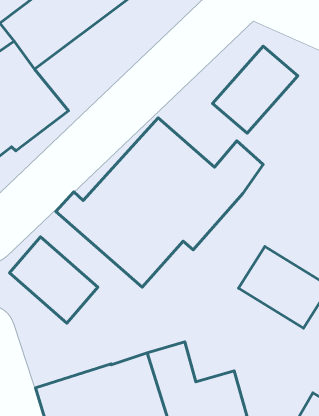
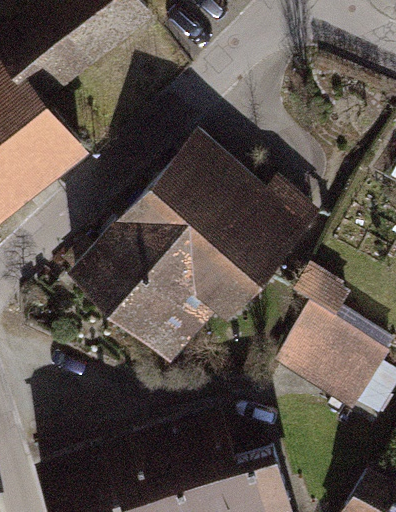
building: [213,46,298,133] -> none
building: [9,237,98,323] -> none

